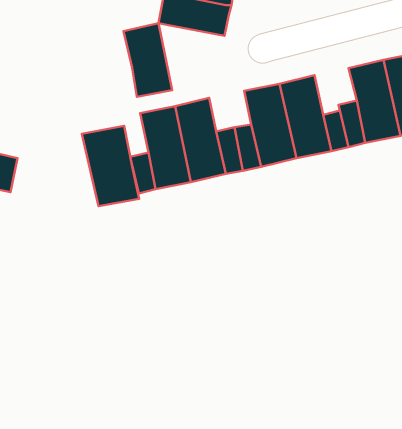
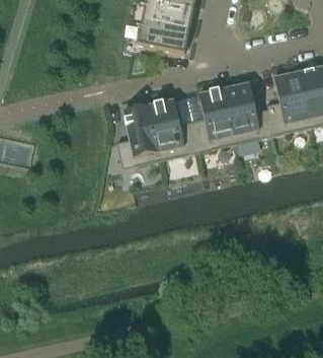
building: [124,23,172,97] -> none
building: [82,126,139,206] -> none

